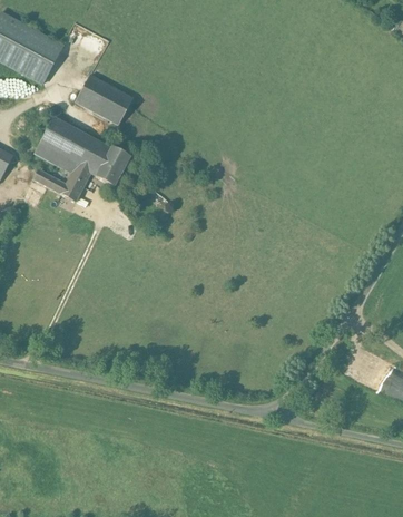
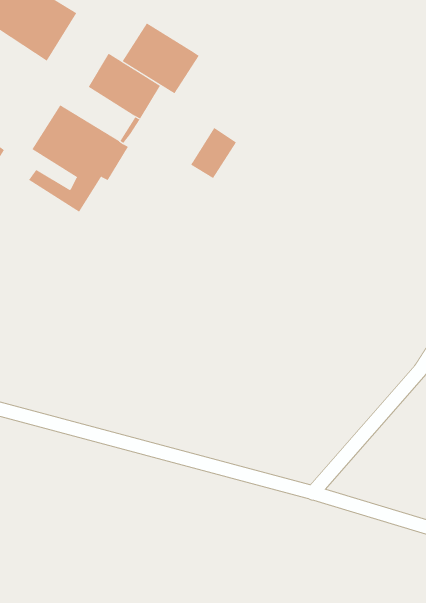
building: none -> [122,23,199,94]
building: [95,146,130,187] -> [190,127,237,179]

